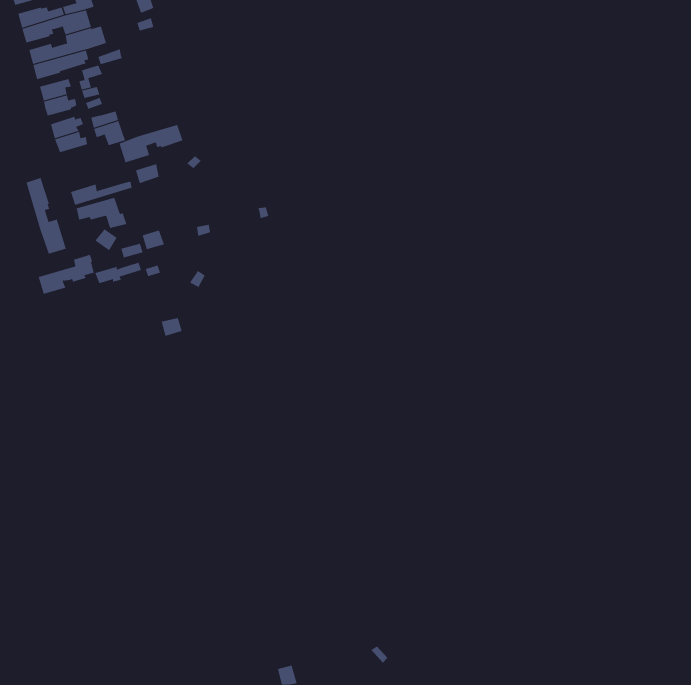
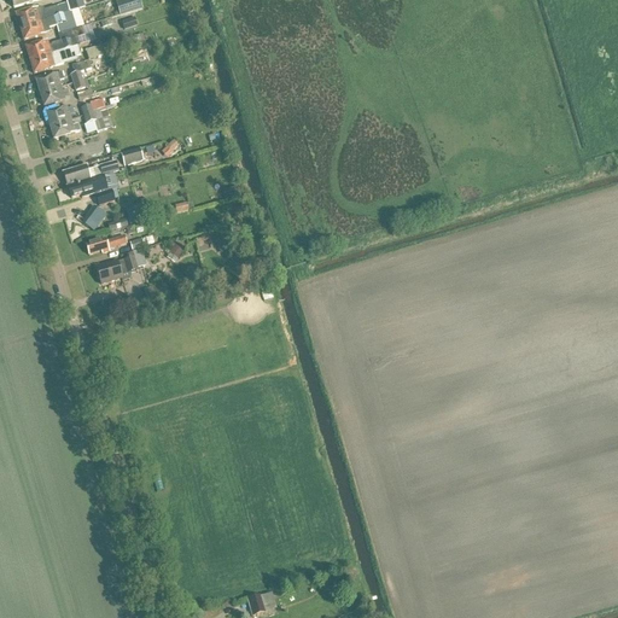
building: [119,124,183,163] -> none
building: [26,177,66,254] -> none
building: [38,254,95,295] -> [95,246,146,282]

